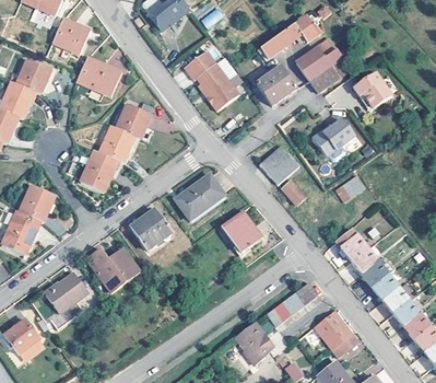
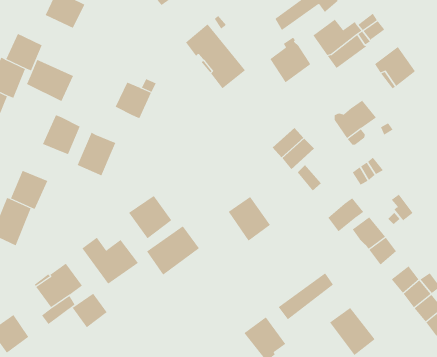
building: [78,57,121,96] -> [26,59,74,102]
building: [99,125,134,162] -> [42,114,80,155]
building: [174,173,223,219] -> [146,225,200,275]
building: [361,254,394,286] -> [327,198,364,232]
building: none -> [72,293,107,328]

